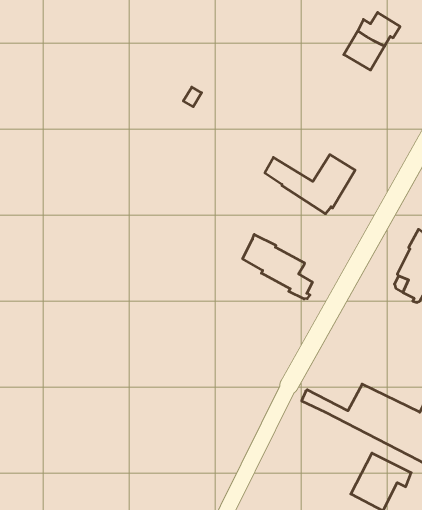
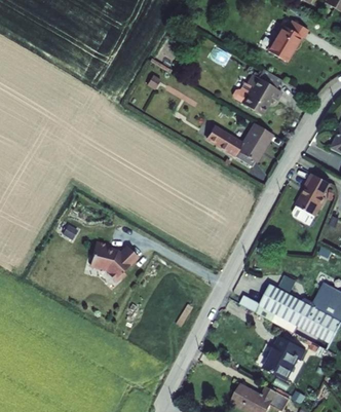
building: none -> [234,69,275,109]
building: [243,234,312,299] -> none
building: none -> [83,237,130,277]

